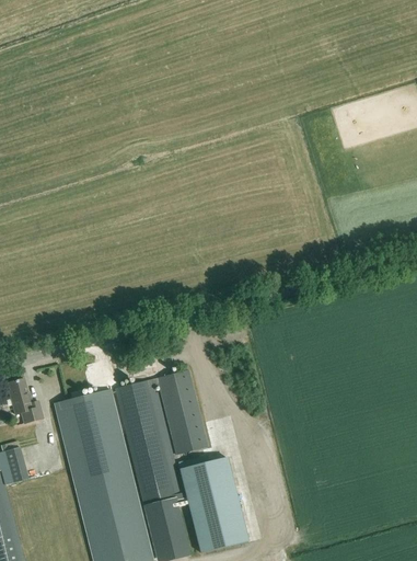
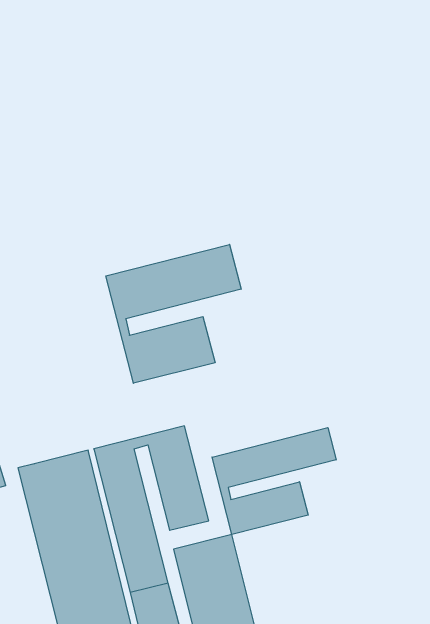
building: none -> [106,244,241,383]
building: none -> [212,428,336,534]

